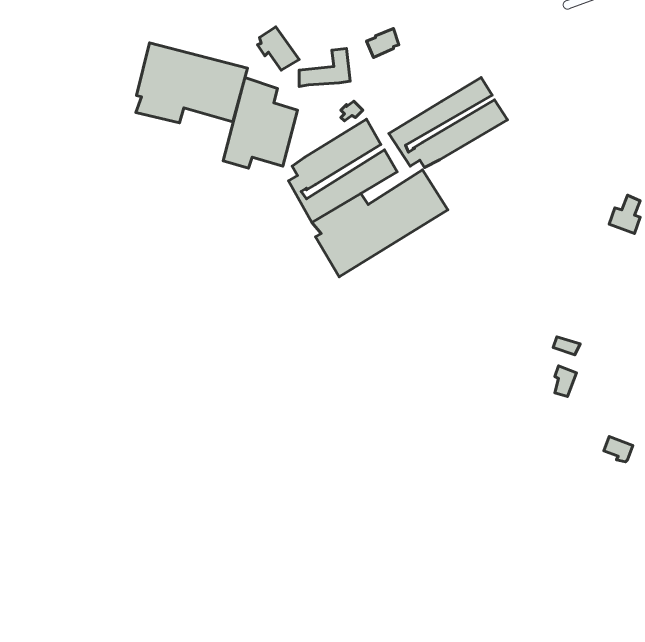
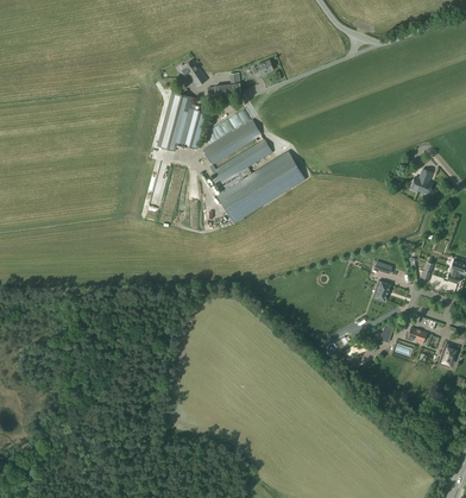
building: [136,43,247,123] -> none
building: [389,78,507,168] -> none

